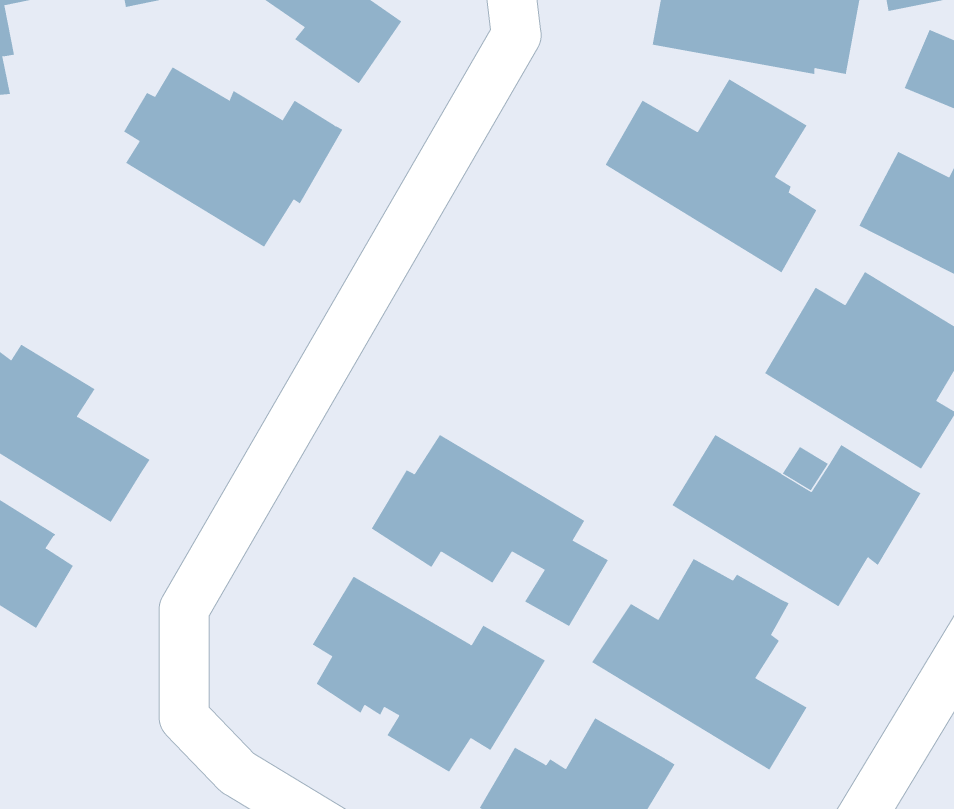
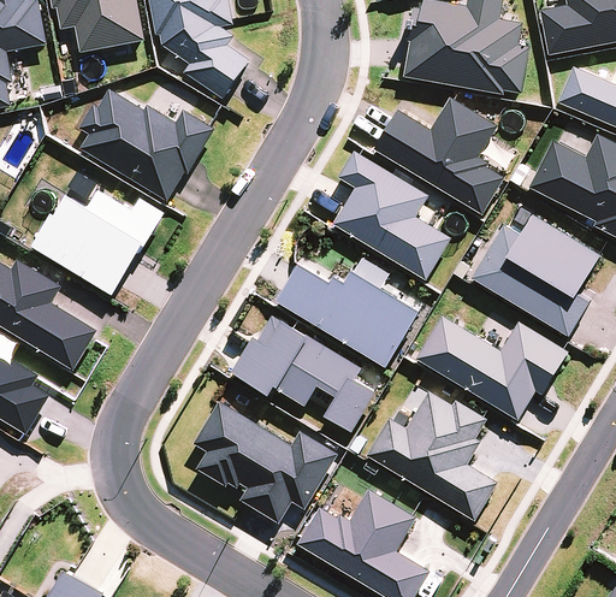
building: none -> [332,150,450,279]
building: none -> [30,190,162,295]
building: none -> [274,264,419,367]

